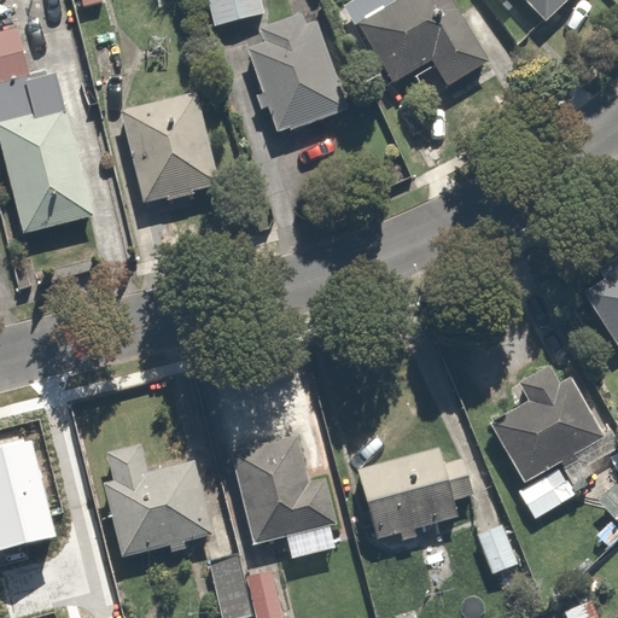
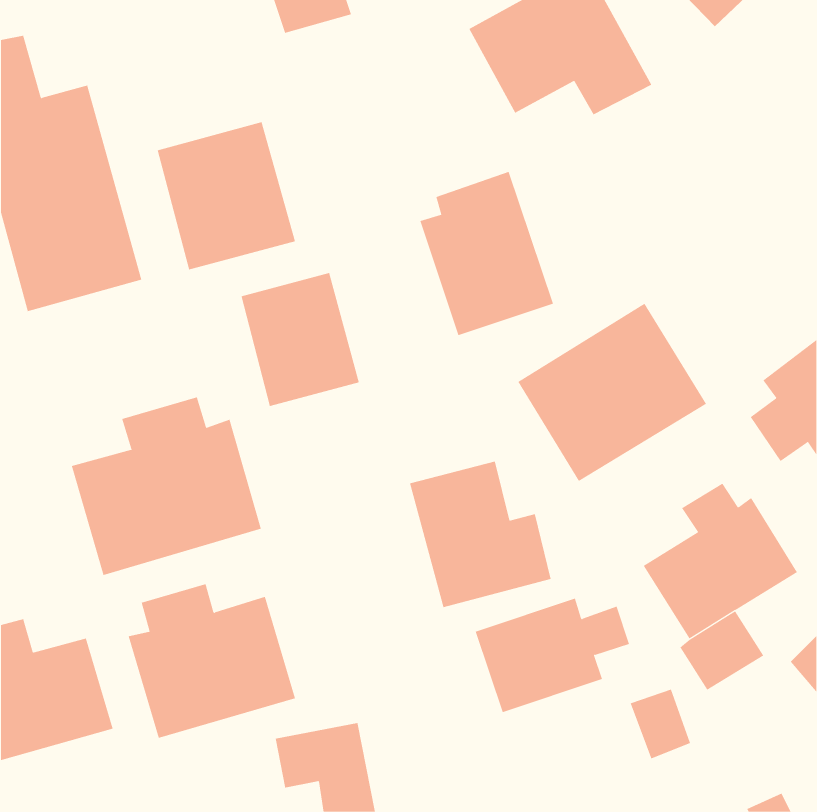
building: [246,10,348,134] -> [420,171,554,336]
building: none -> [241,272,359,407]
building: none -> [517,303,707,482]
building: none -> [71,396,262,576]
building: [228,436,336,547] -> [409,461,552,608]

